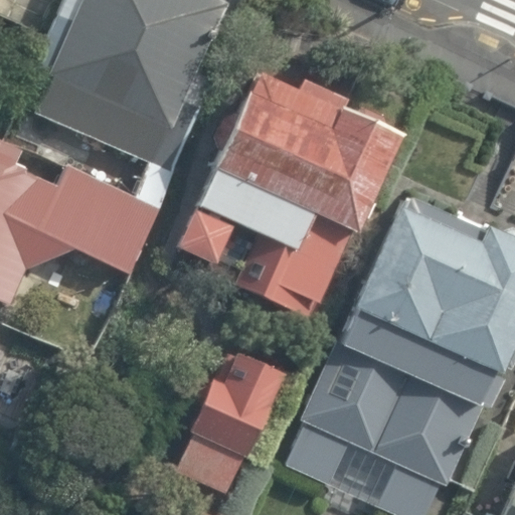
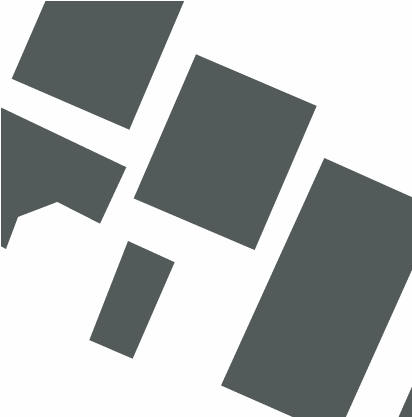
building: [176,352,284,500] -> [88,240,176,360]

